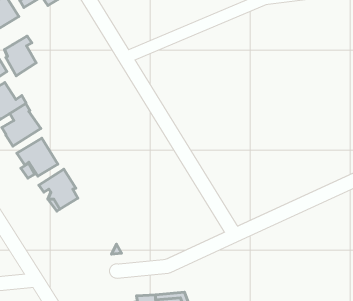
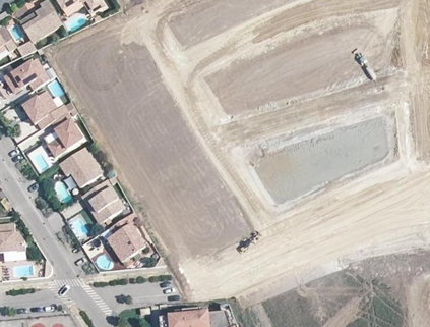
building: [4,36,36,76] -> none
building: none -> [107,211,145,261]

